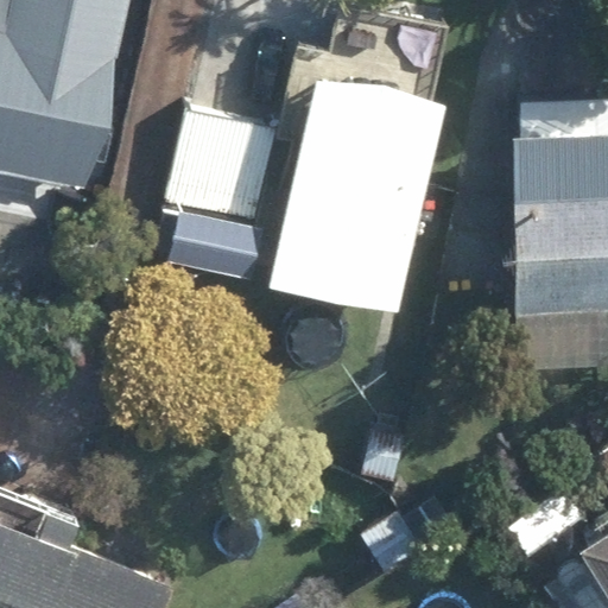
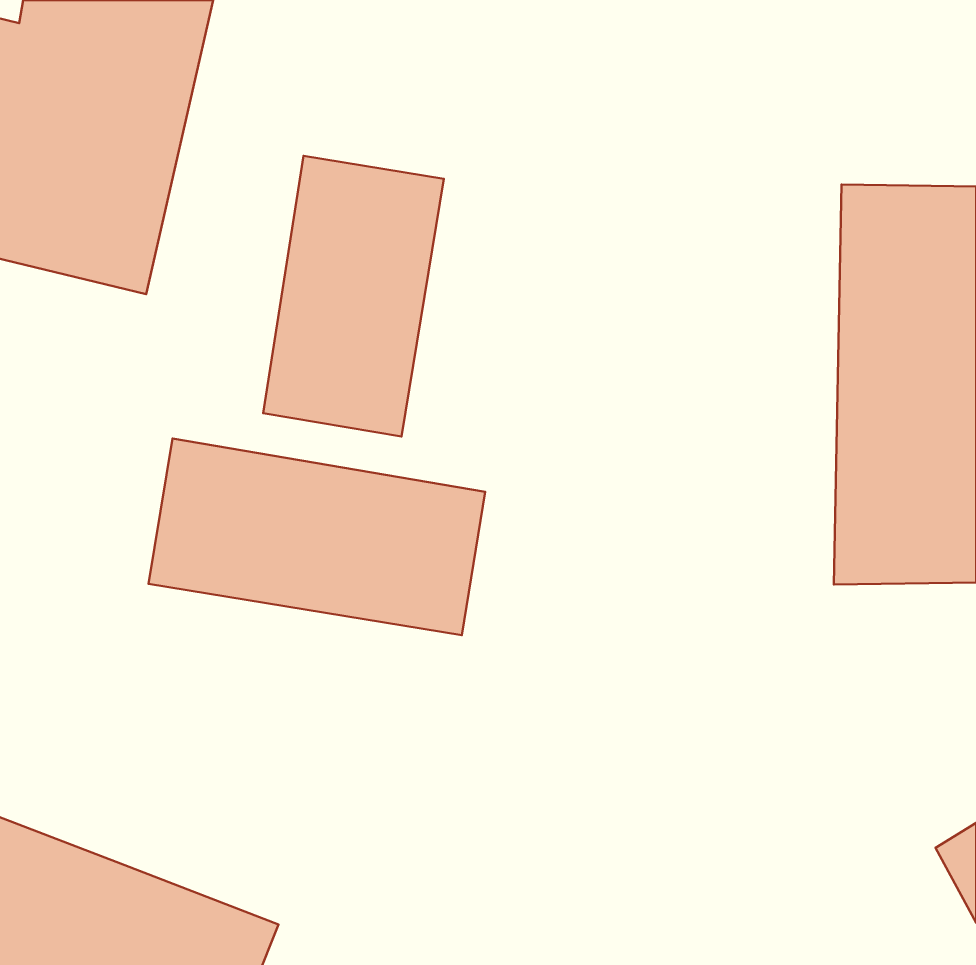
building: [273,65,444,308] -> none
building: none -> [149,438,485,635]

